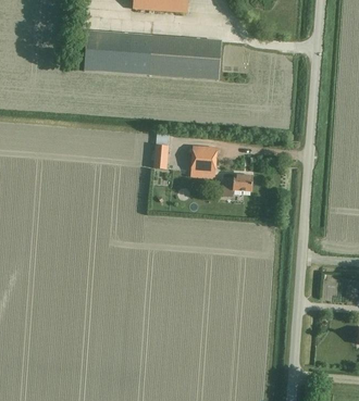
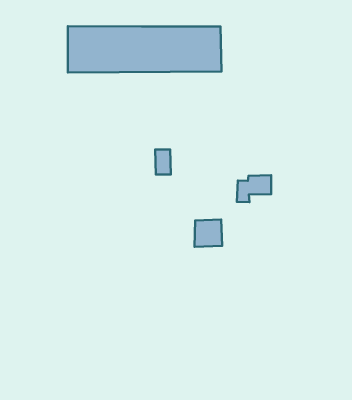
building: [191,147,216,171] -> [195,220,222,247]

